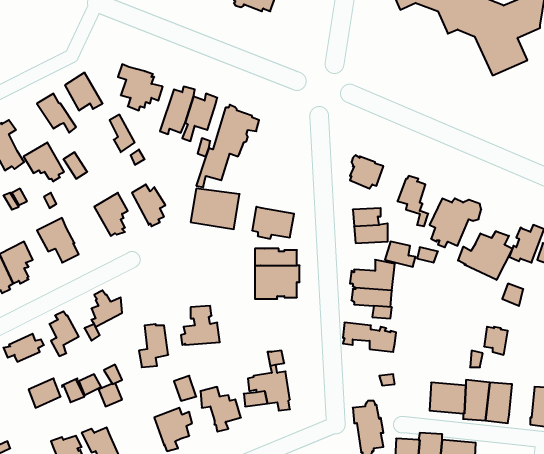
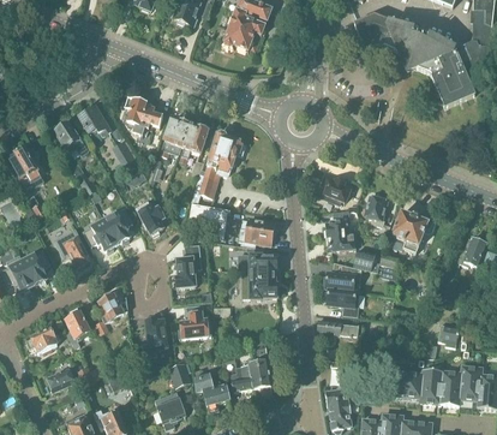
building: [24,142,64,181] -> [83,219,118,252]
building: [458,231,512,280] -> none
building: none -> [175,244,202,287]
building: none -> [460,365,481,400]

